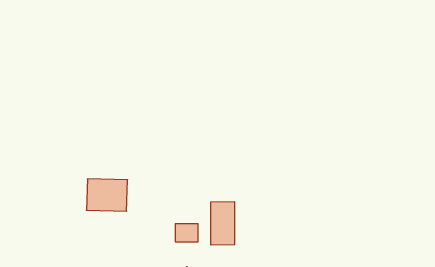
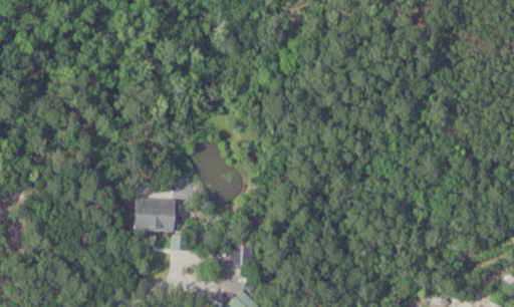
building: [211,202,235,245] -> none

